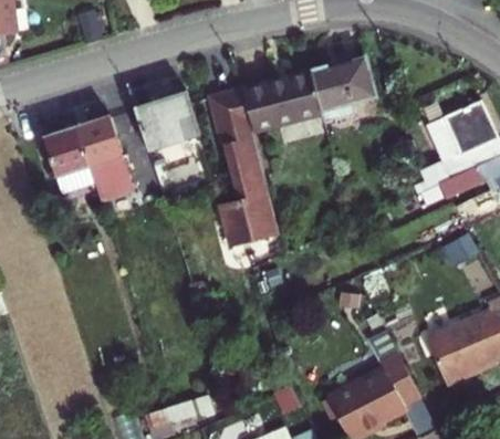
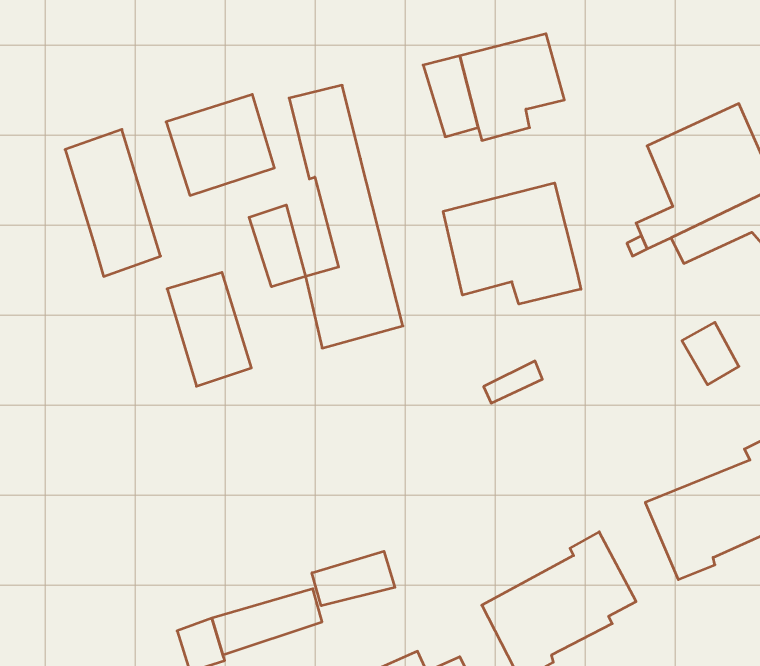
building: [241,75,303,132] -> none
building: [41,126,92,195] -> [167,272,251,386]
building: none -> [443,183,581,304]
building: none -> [249,205,306,287]
building: none -> [312,551,395,606]

